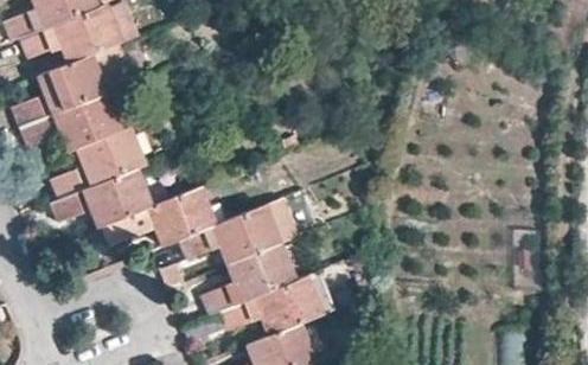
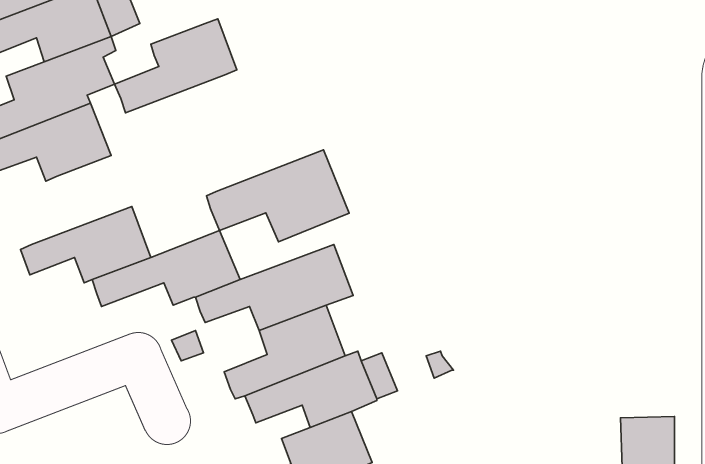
building: none -> [206,150,349,242]
building: [51,129,142,199] -> [114,19,237,113]

